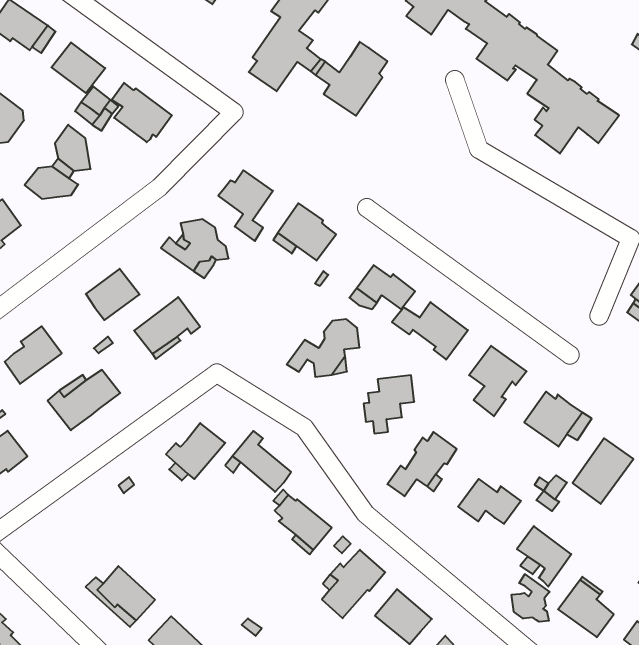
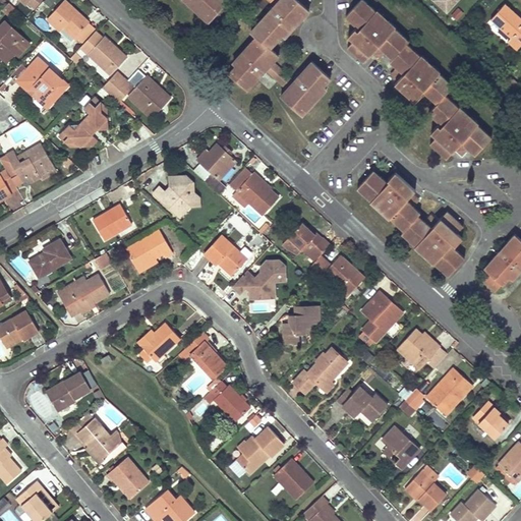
building: none -> [357,171,464,277]
building: none -> [204,235,246,277]
building: none -> [45,373,89,412]
building: [512,574,550,622] -> none

